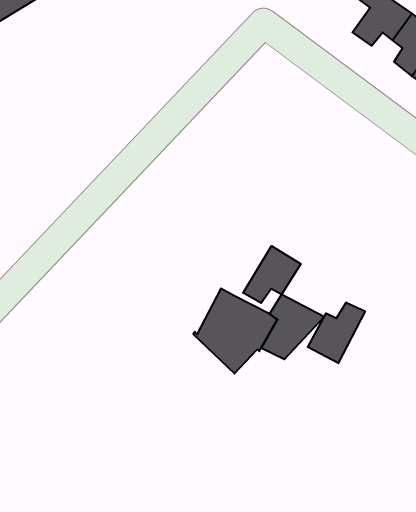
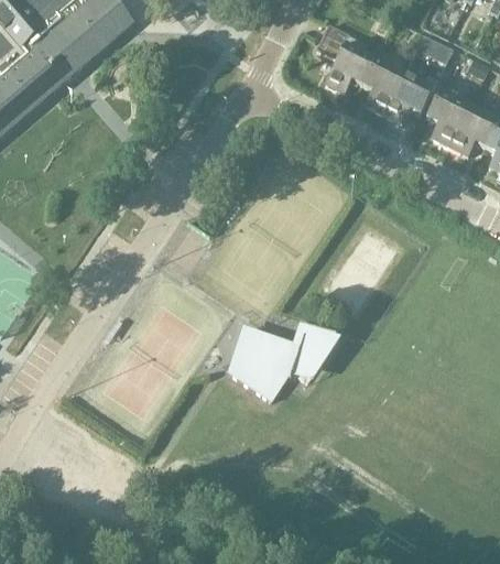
building: [243,246,301,303] -> none
building: [308,302,365,363] -> none

